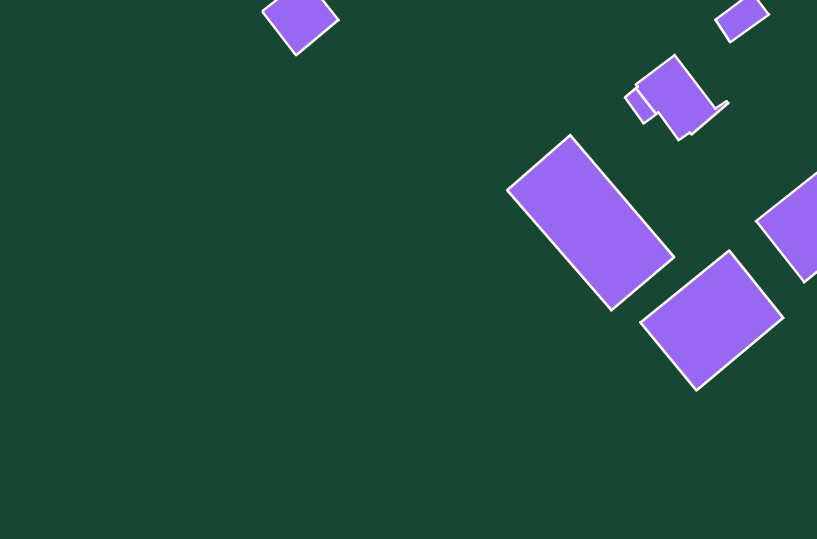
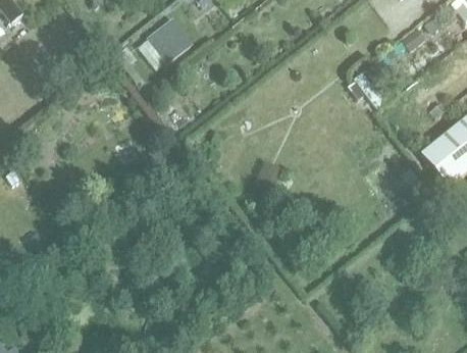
building: [507,135,674,310] -> none
building: [640,251,783,390] -> none

